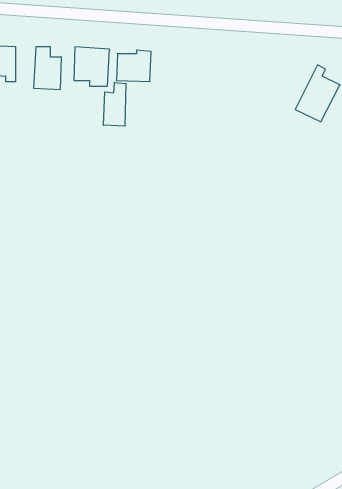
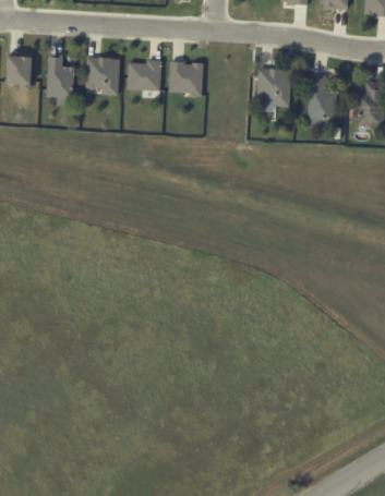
building: none -> [169,61,203,95]
building: none -> [256,68,291,106]
building: [103,82,126,126] -> none

